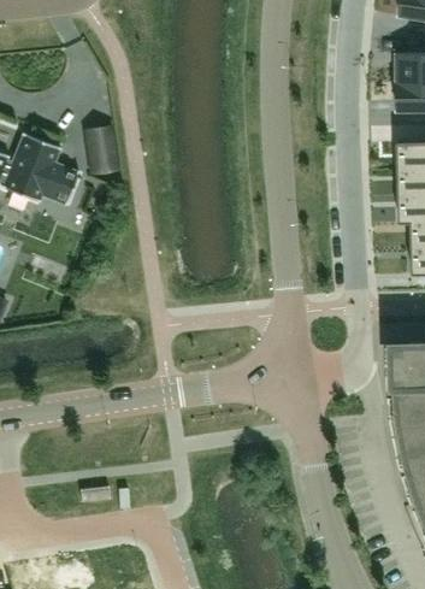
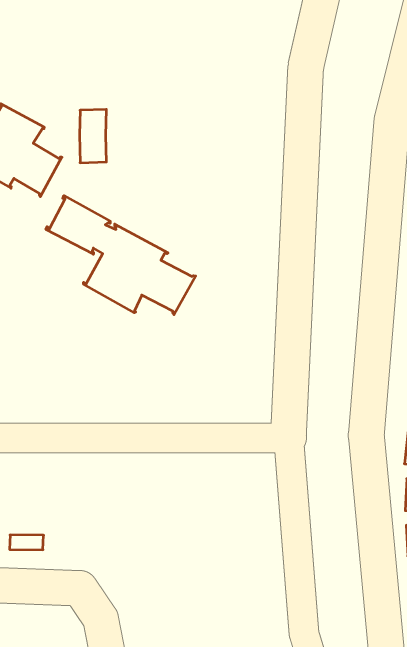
building: none -> [46,196,196,315]

